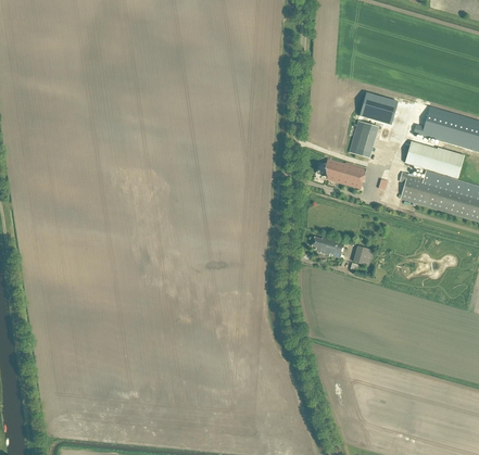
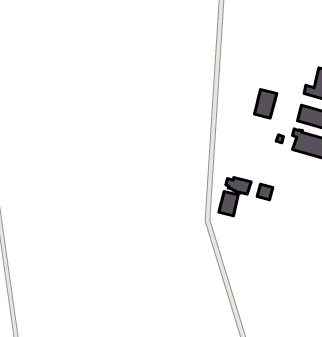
building: [361,96,398,122] -> none
building: [317,159,367,189] -> none
building: none -> [219,192,238,216]

